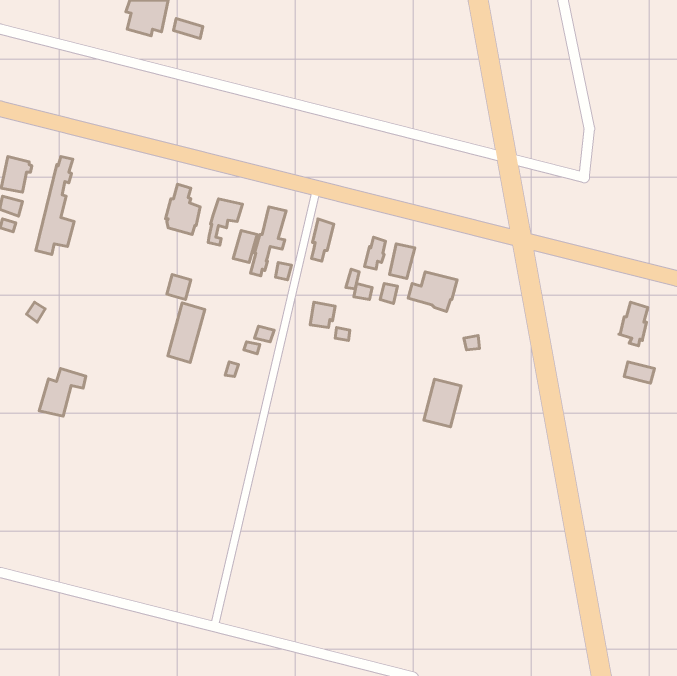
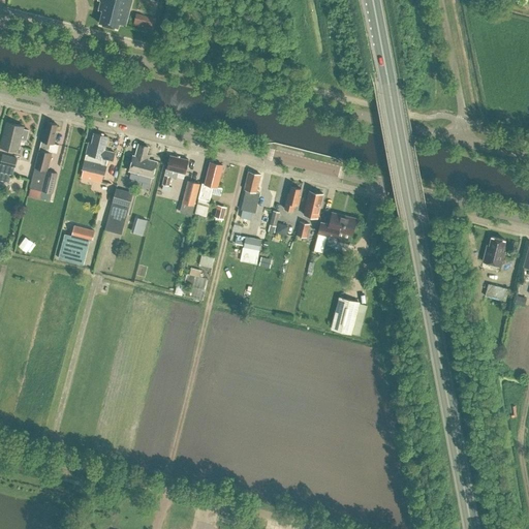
building: none -> [81,134,115,182]
building: [168,303,205,363] -> [104,188,133,235]
building: [39,368,86,416] -> [58,225,94,262]

